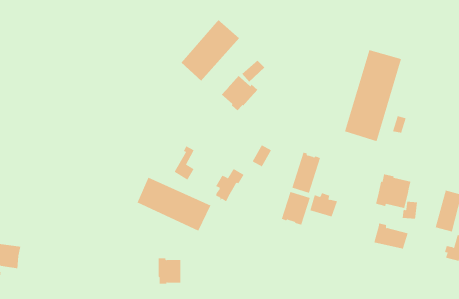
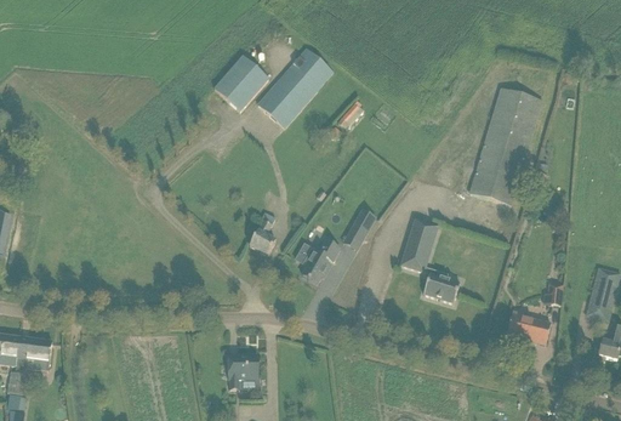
building: none -> [213,56,269,110]
building: [221,75,258,111] -> none
building: [375,173,411,209] -> none
building: [137,177,211,232] -> none
building: [281,191,310,226] -> none

